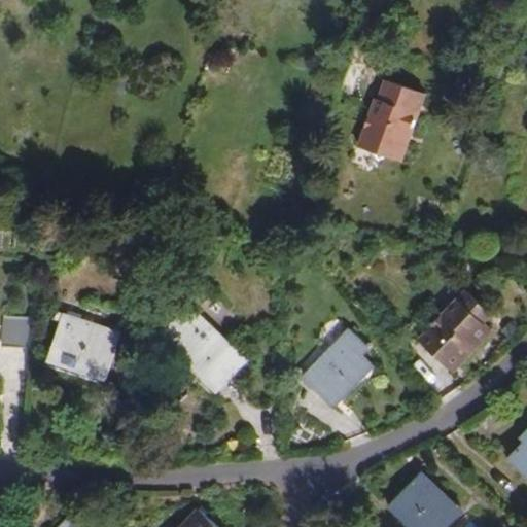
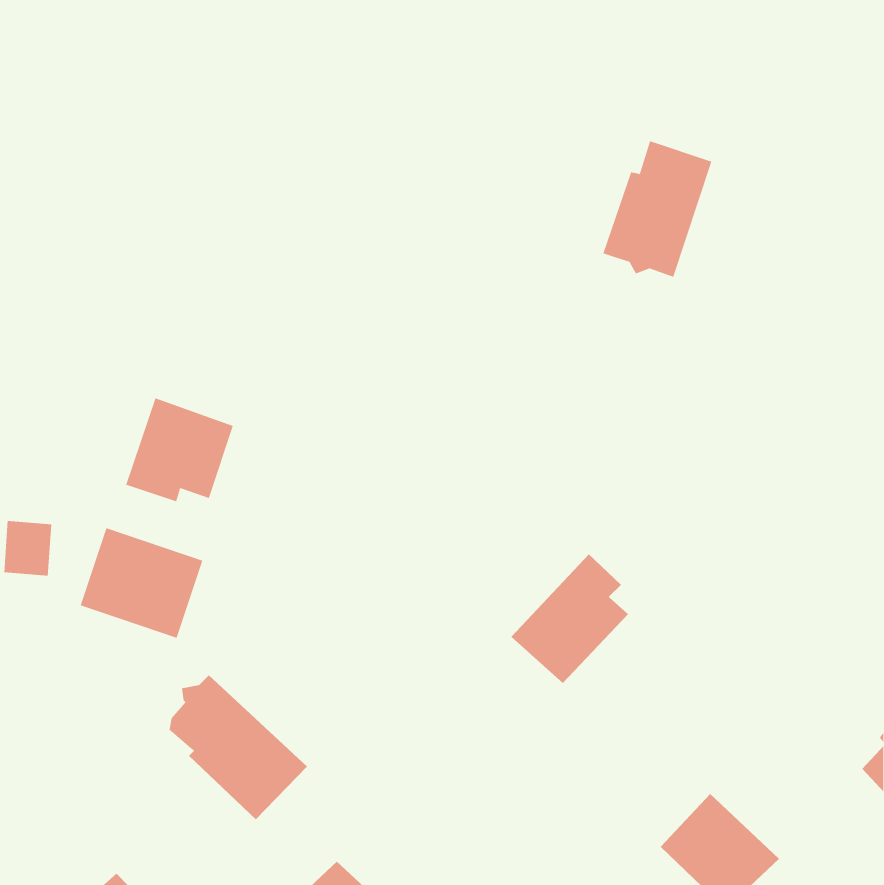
building: none -> [125,398,234,502]
building: [419,300,489,371] -> none
building: [163,307,245,393] -> [169,674,308,820]

